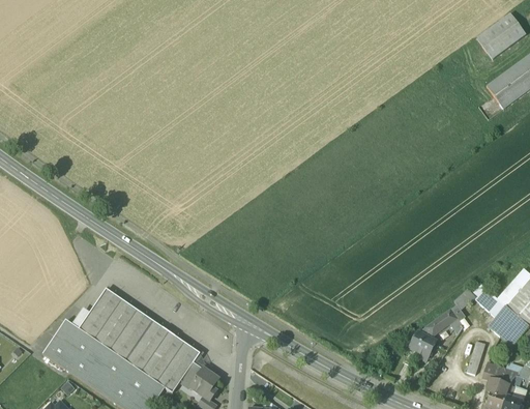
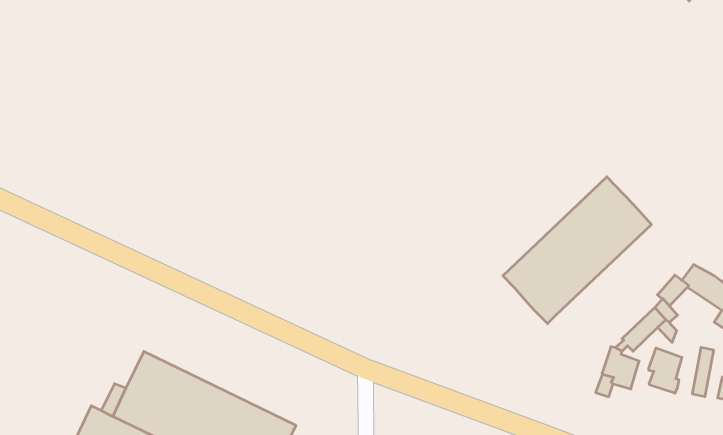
building: none -> [503,177,651,324]
building: none -> [649,348,682,393]

